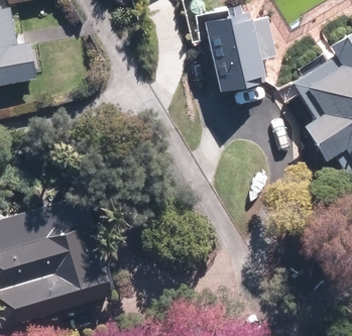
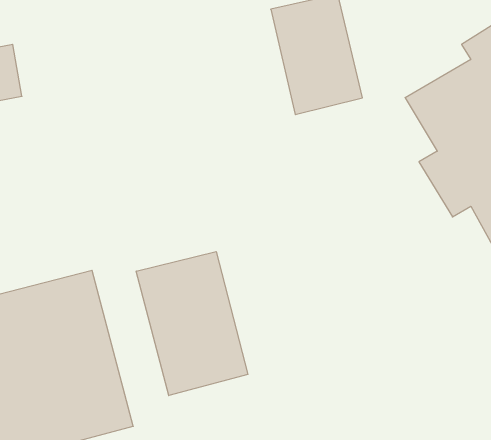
building: none -> [136,252,248,396]

